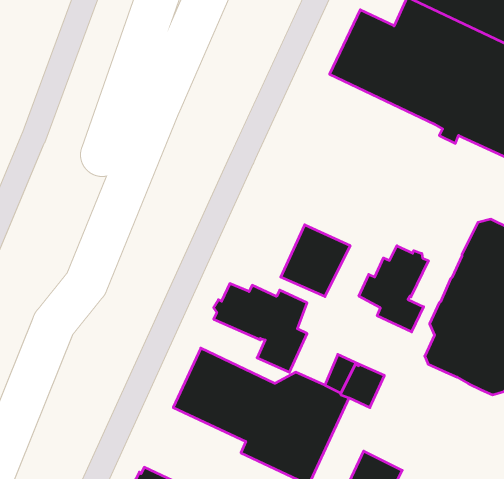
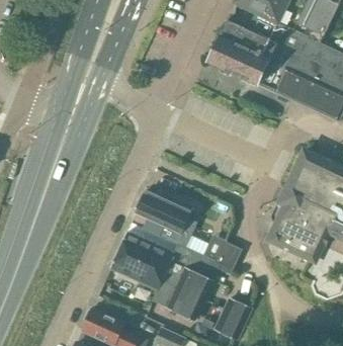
building: [281,225,350,297] -> none
building: [359,246,428,332] -> none

